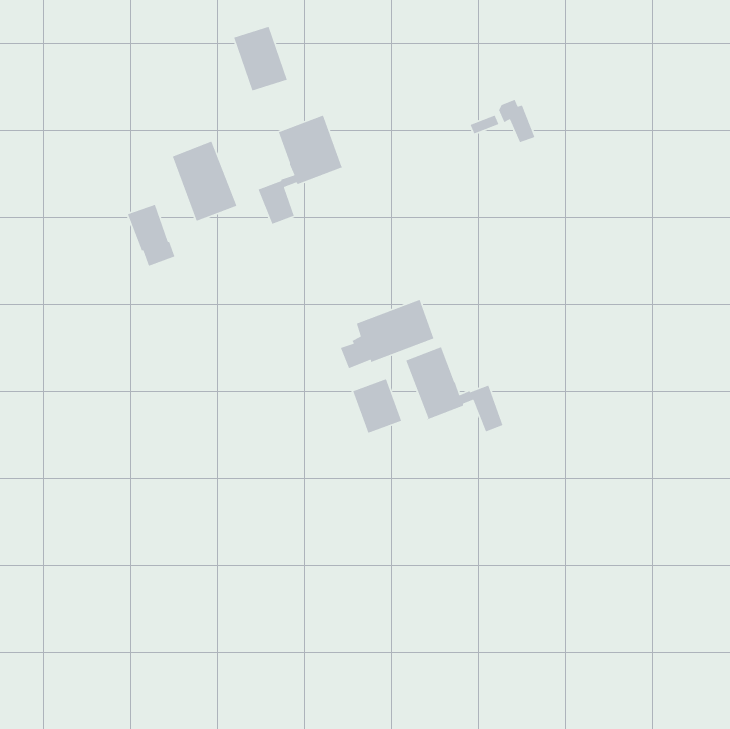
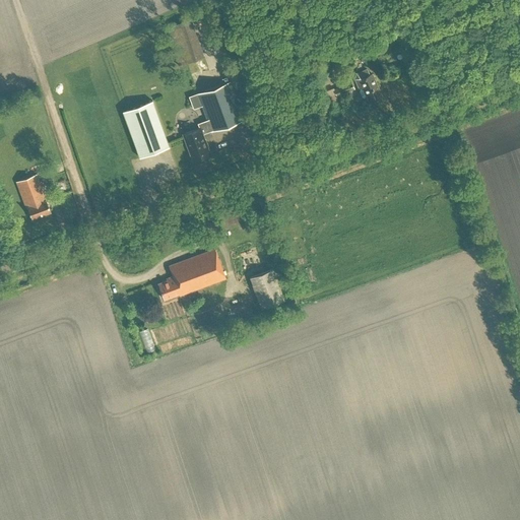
building: [127,204,176,267] -> [16,177,51,221]
building: [340,299,434,369] -> [158,250,225,300]
building: [405,346,504,433] -> none

